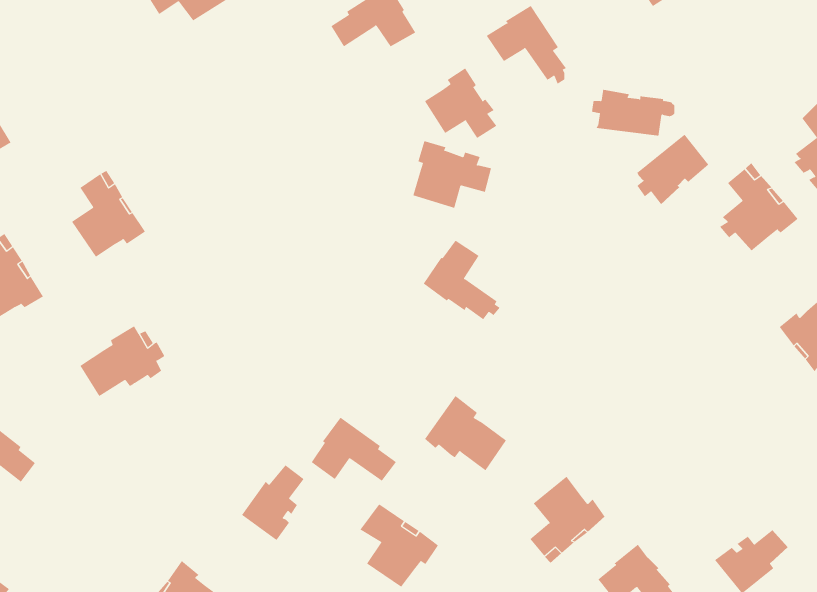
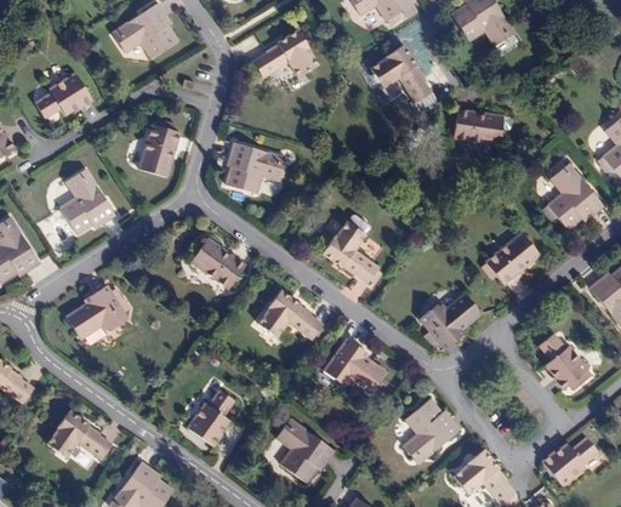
building: none -> [35,72,91,118]
building: [424,68,497,139] -> none
building: none -> [138,118,180,176]
building: [636,134,709,205] -> [485,232,540,285]
building: [413,141,492,209] -> [224,142,284,193]
building: none -> [190,238,245,289]
building: none -> [418,291,482,349]
building: none -> [540,334,588,388]
building: [311,417,397,482] -> [258,290,323,338]
building: none -> [46,410,112,460]

